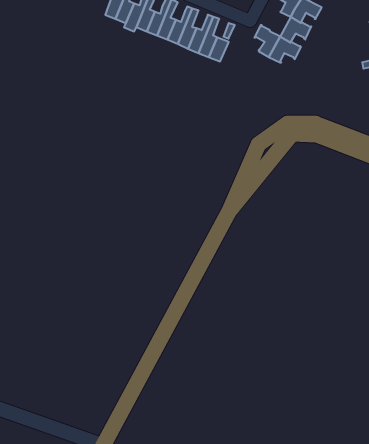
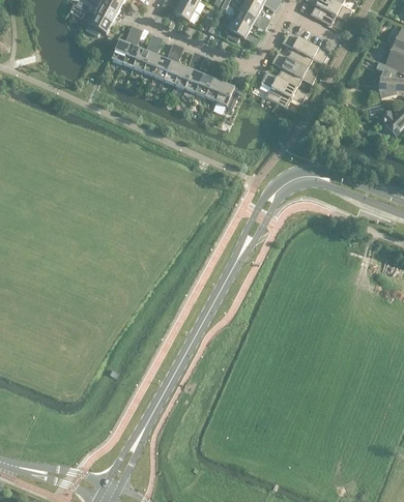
building: none -> [270,49,296,81]

